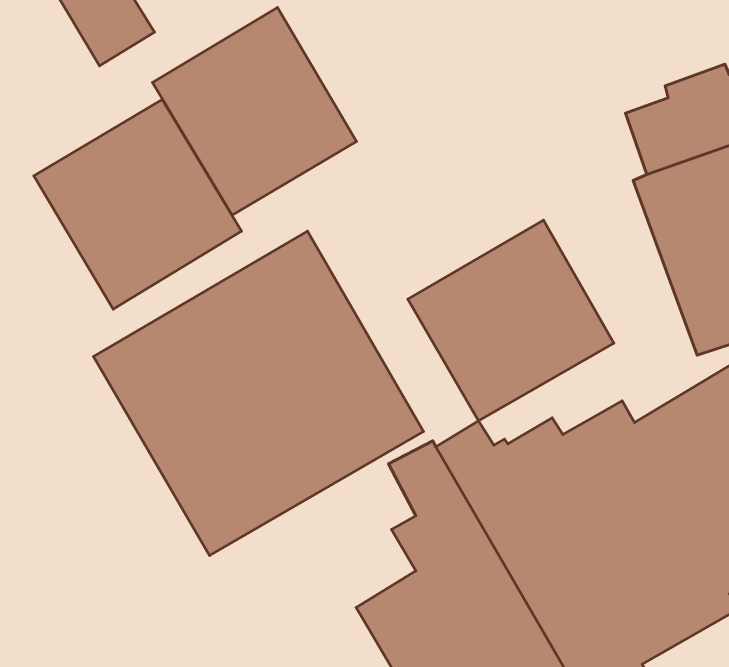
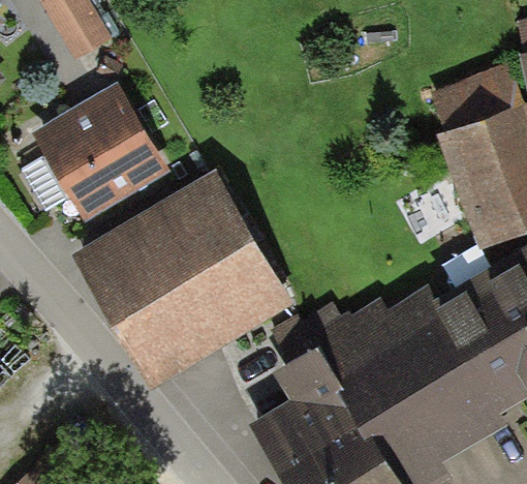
building: [152,8,356,215] -> none
building: [408,220,614,421] -> none

